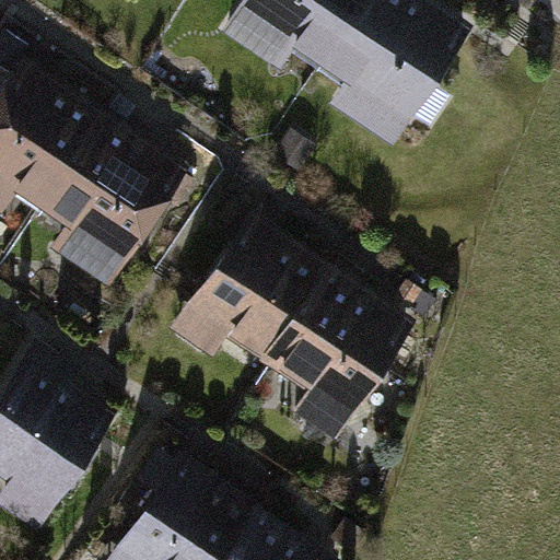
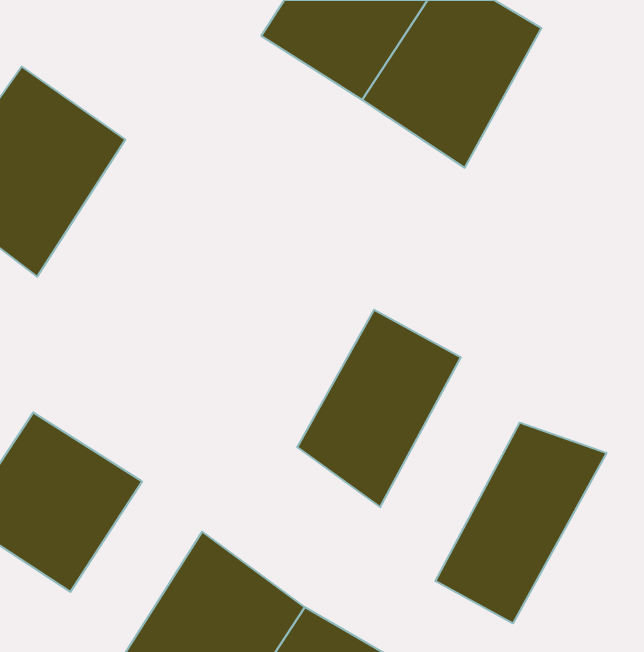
building: [32,121,183,293] -> none
building: [163,211,319,384] -> none
building: none -> [435,423,606,623]

